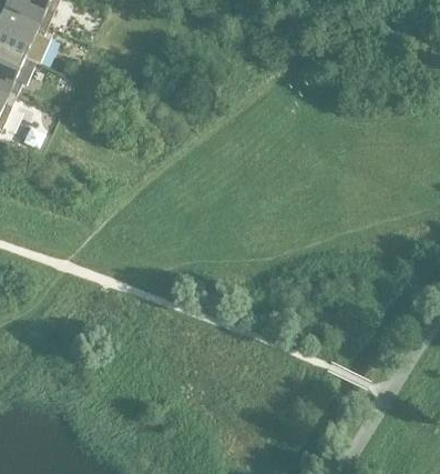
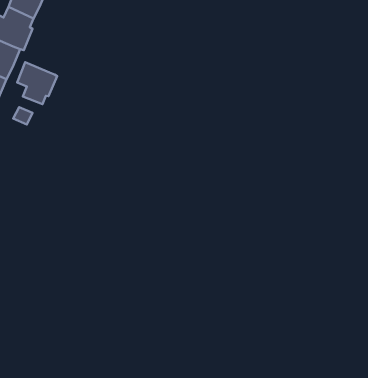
building: none -> [17,62,57,104]

